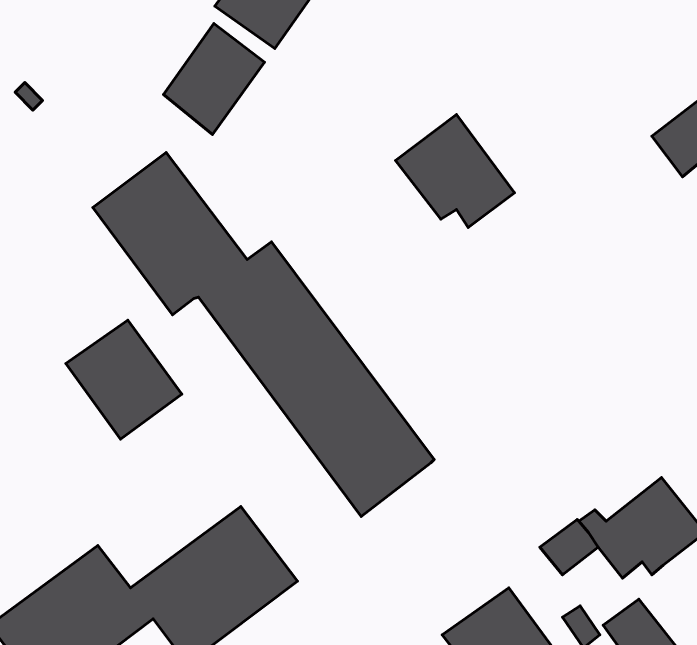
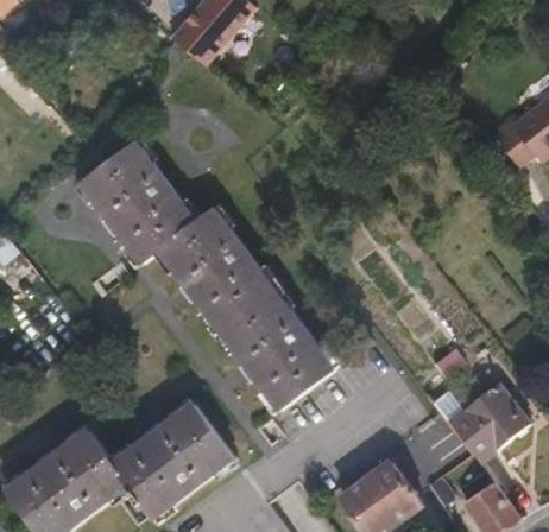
building: [163,24,265,135] -> none
building: [396,115,514,228] -> none
building: [66,320,182,439] -> none

